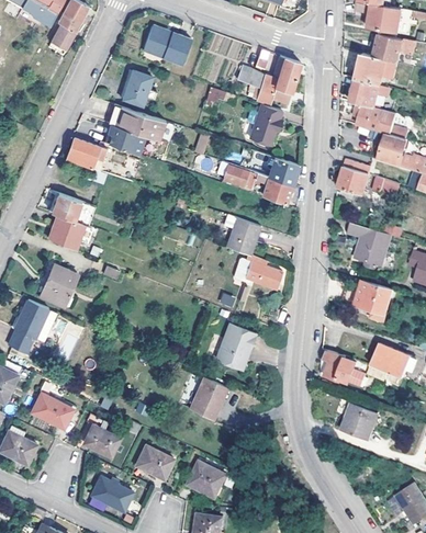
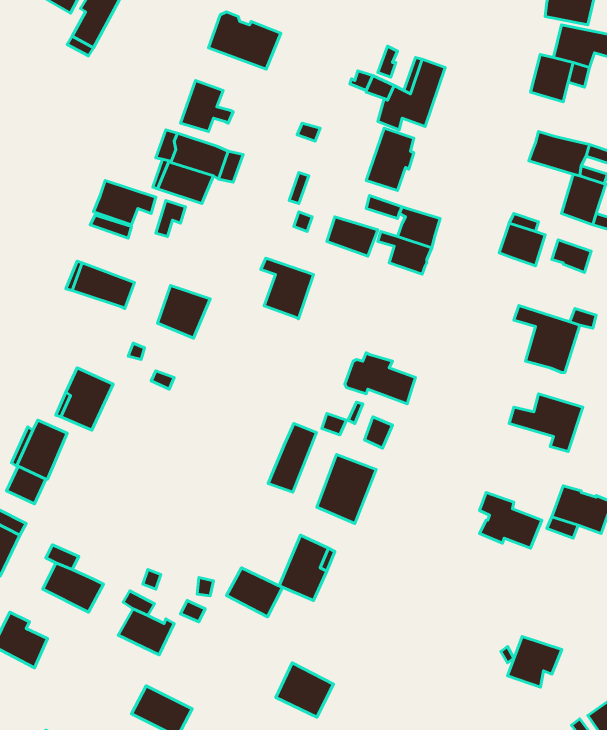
building: [351,79,379,109] -> none
building: [48,214,83,249] -> [157,286,210,338]
building: [224,214,259,254] -> [261,258,313,319]
building: none -> [268,424,316,492]
building: [343,402,379,436] -> [508,636,562,687]
building: [134,445,171,478] -> [227,568,282,617]

